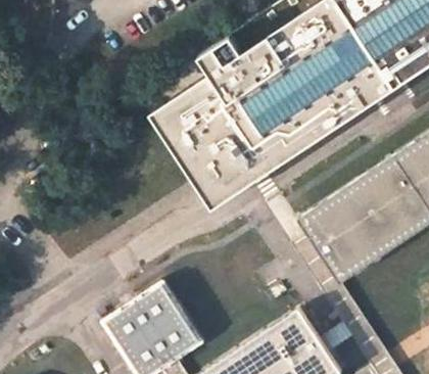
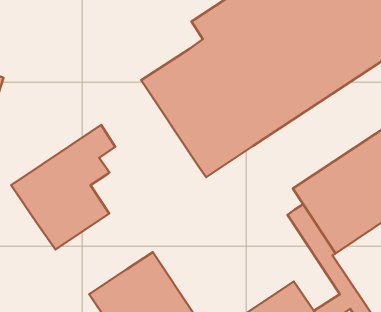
building: none -> [11,125,115,250]

